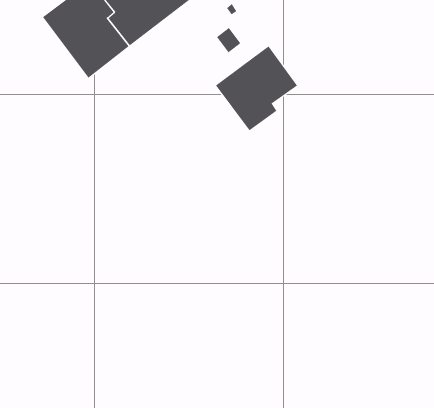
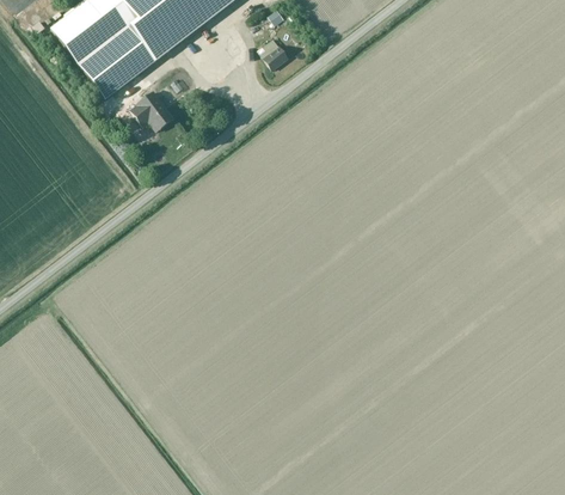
building: [215,45,298,131] -> none
building: none -> [129,91,171,129]

